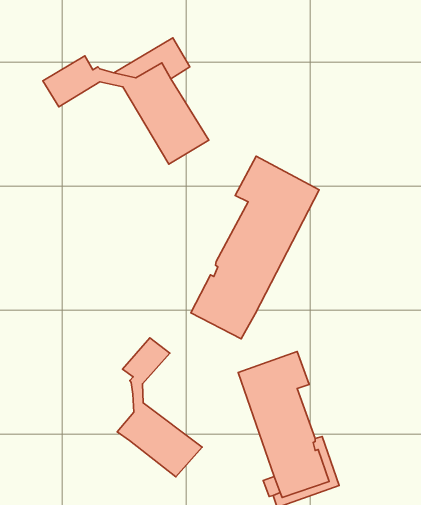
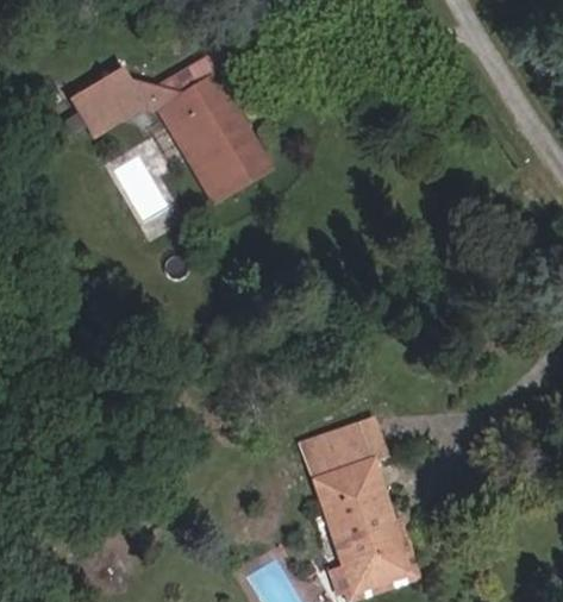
building: [191,156,319,339] -> none
building: [117,338,202,477] -> none

